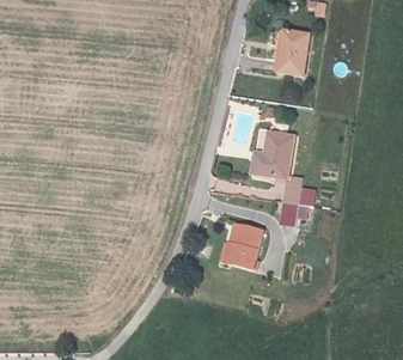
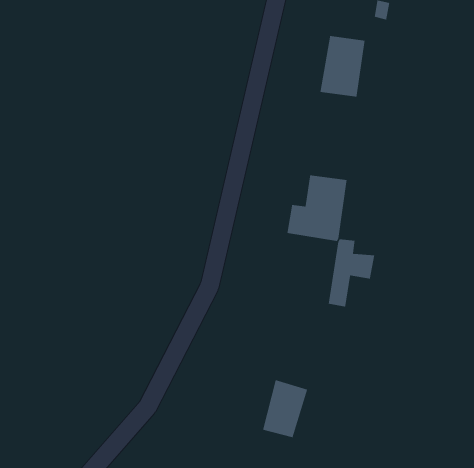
building: [226,224,259,267] -> [262,379,308,438]

